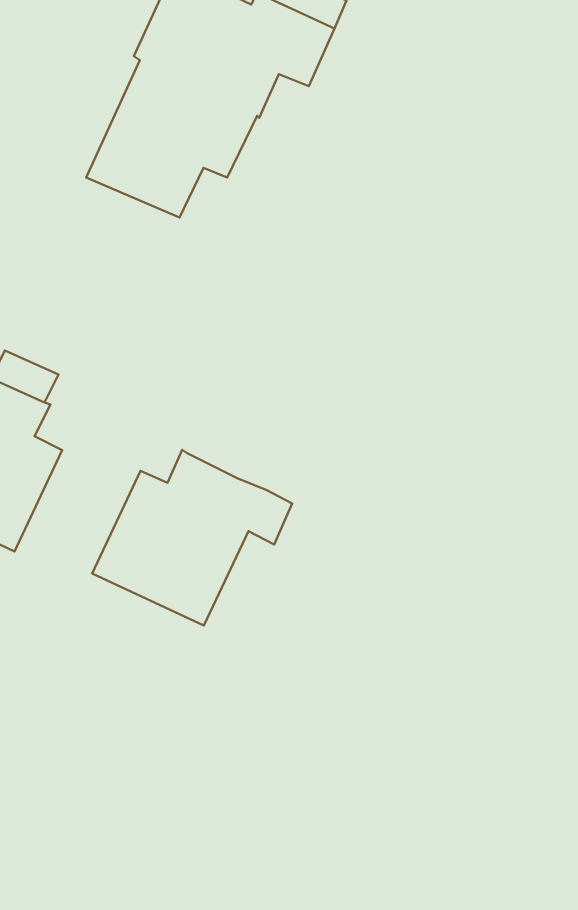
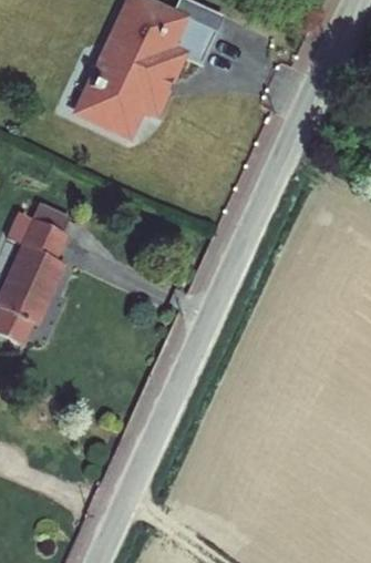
building: [92,450,292,626] -> none

